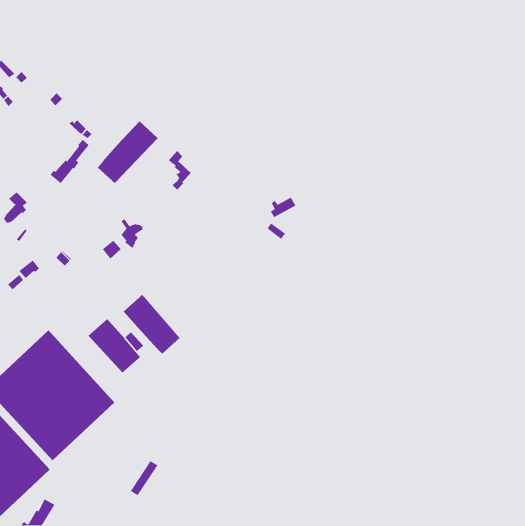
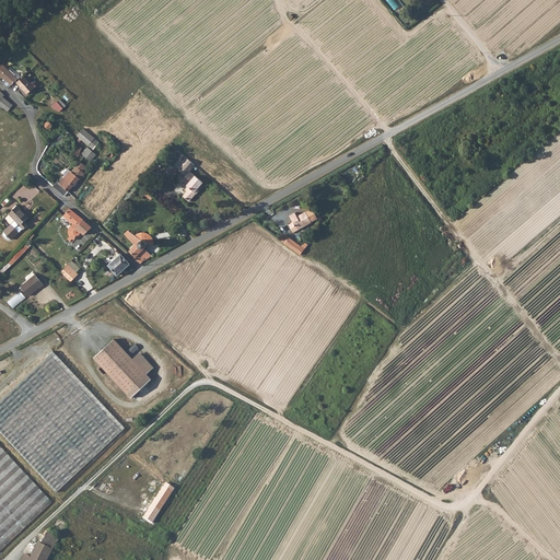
building: [97,120,158,184] -> none
building: none -> [63,208,92,242]
building: [123,294,181,354] -> none

